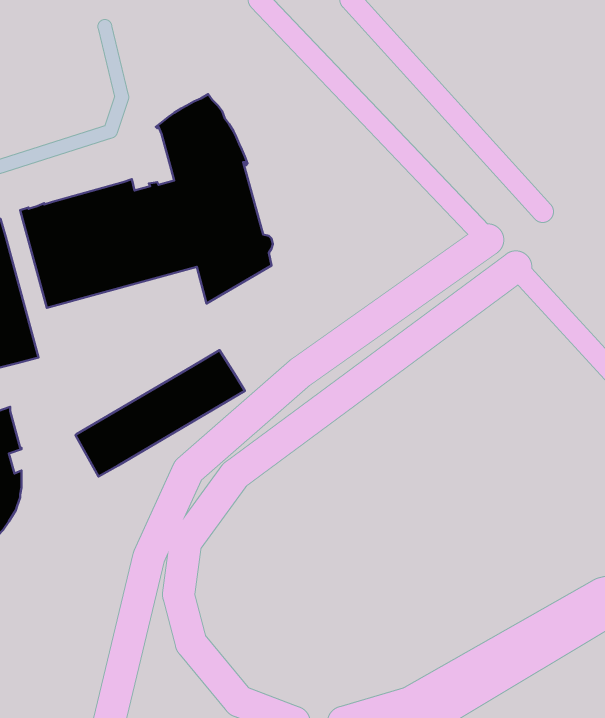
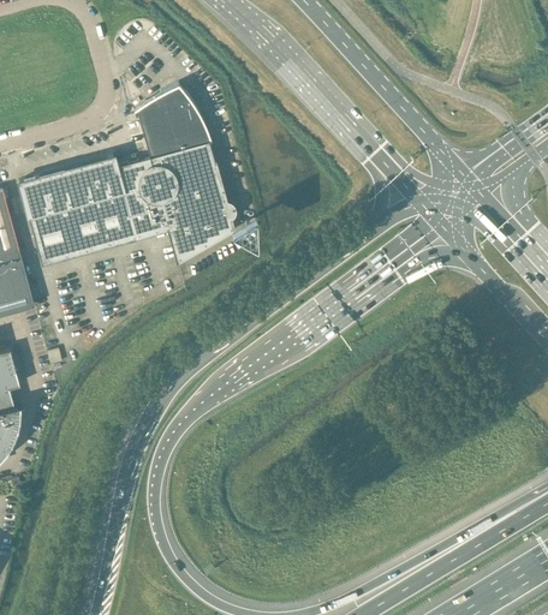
building: [75,350,245,476] -> none

